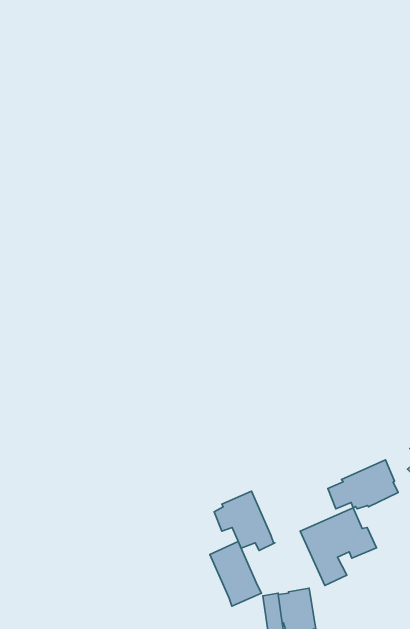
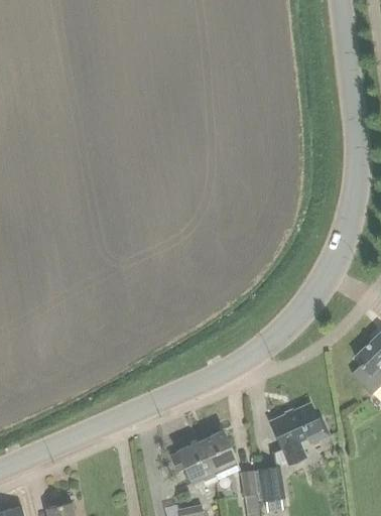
building: [328,460,398,509] -> none
building: [214,491,275,551] -> [170,440,218,487]

